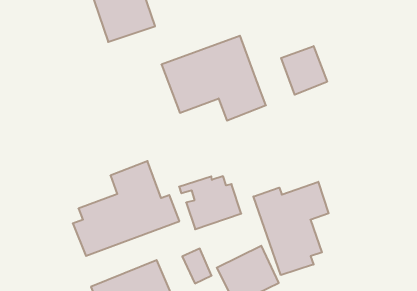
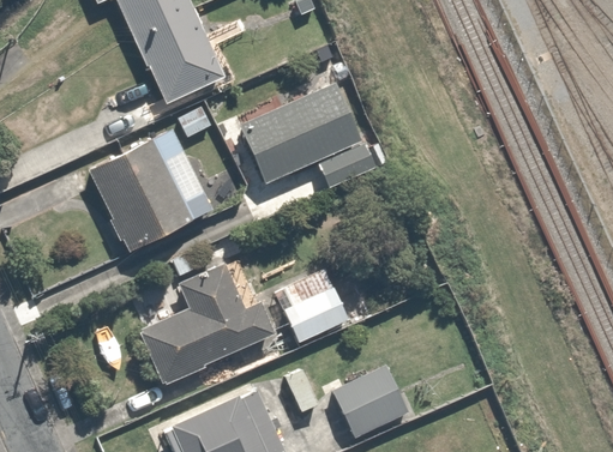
building: [281,46,327,95] -> none
building: none -> [82,123,203,254]
building: [253,182,329,275] -> none

